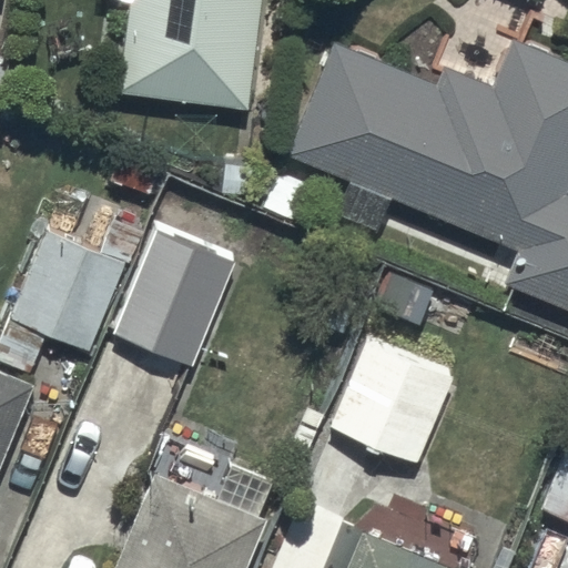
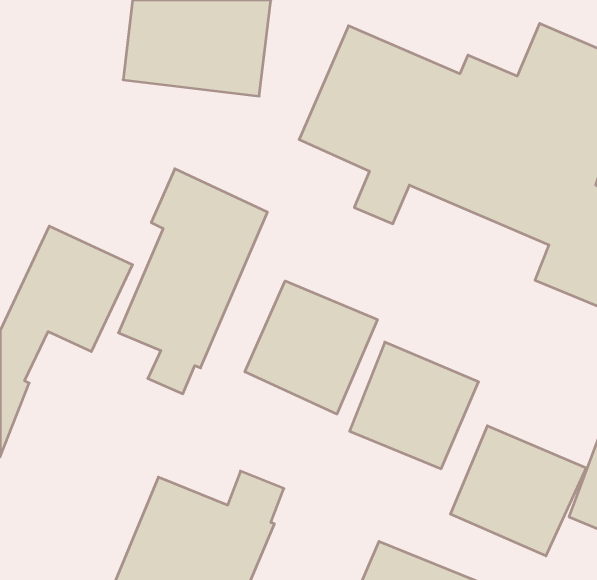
building: none -> [245,281,377,414]
building: none -> [450,426,586,556]

